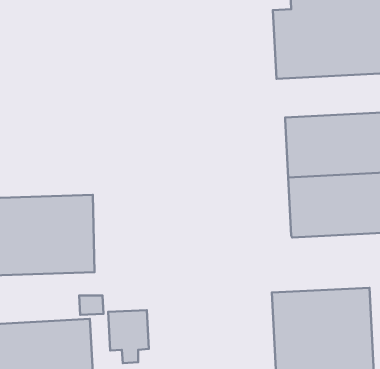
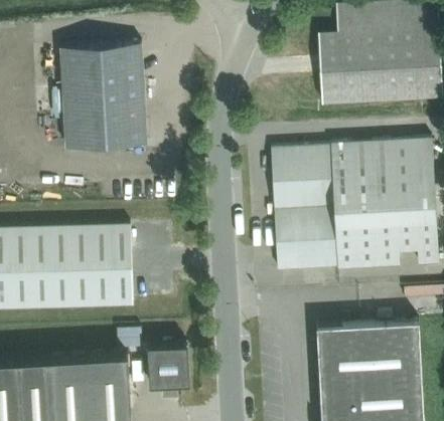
building: none -> [59,43,146,148]
building: none -> [270,146,336,269]

